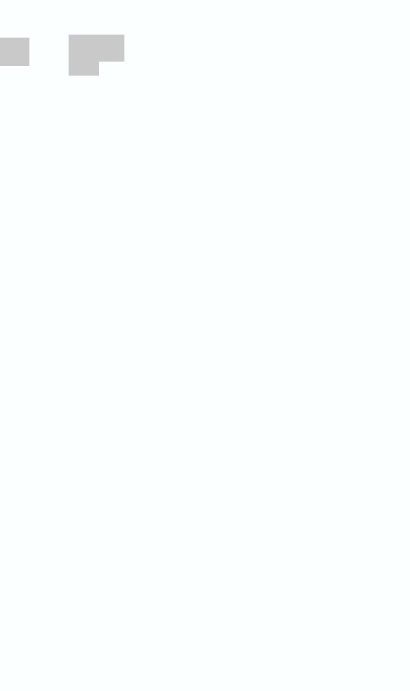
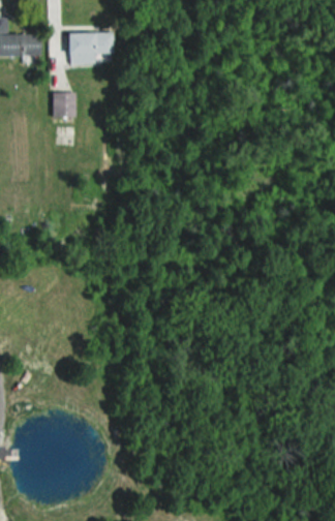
building: none -> [53,92,75,116]

